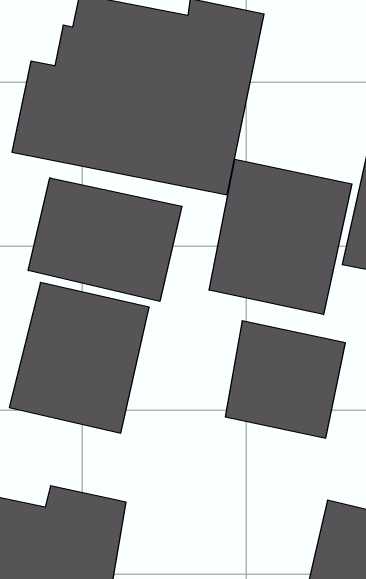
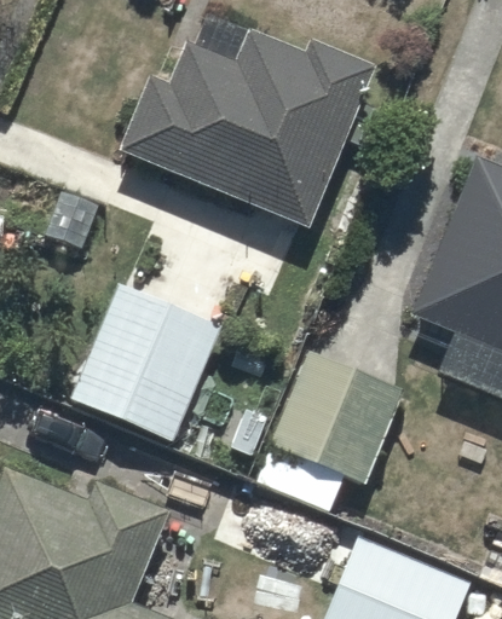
building: [209,159,352,315] -> none
building: [28,178,182,301] -> none

